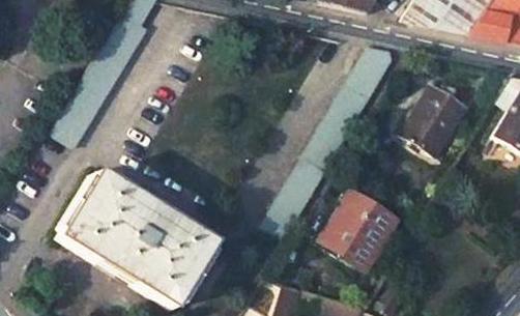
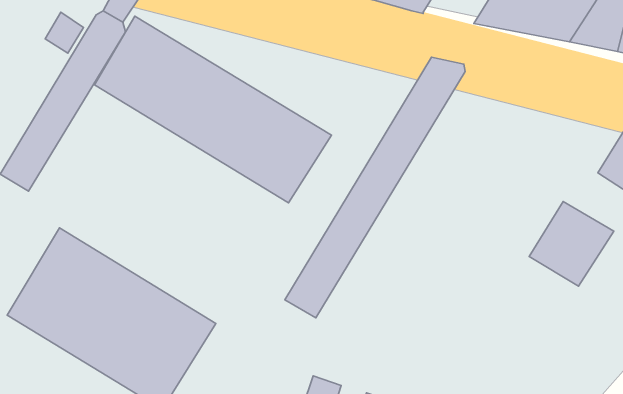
building: none -> [94,16,331,203]
building: [401,91,463,153] -> [529,202,614,286]
building: [318,186,399,268] -> none

